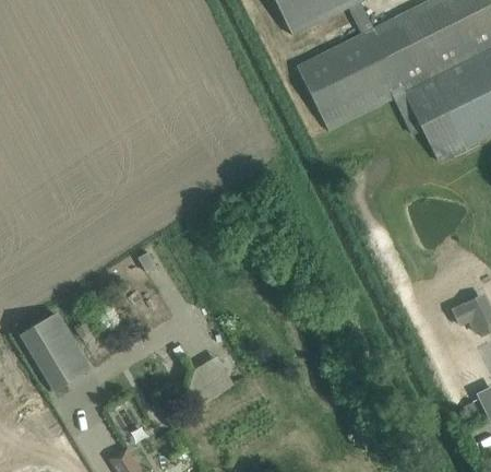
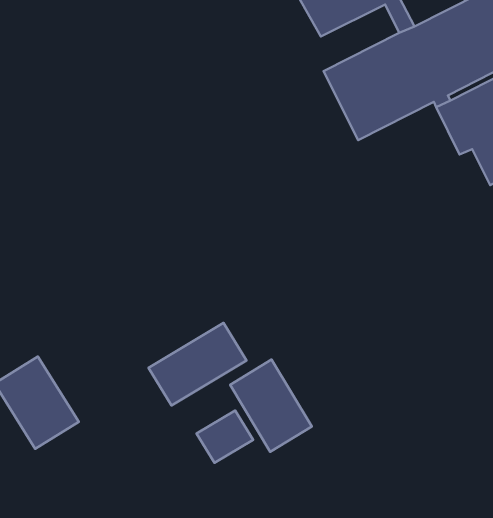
building: none -> [149,323,246,405]
building: none -> [230,360,312,452]

